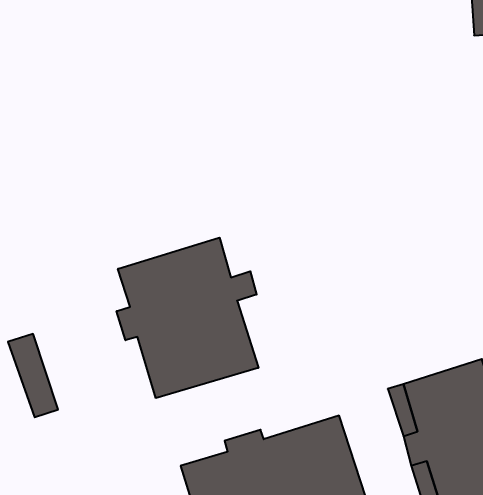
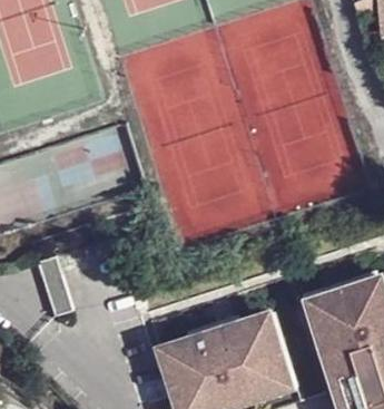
building: [117,238,258,398] -> none

